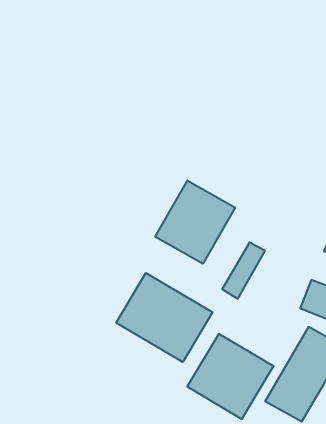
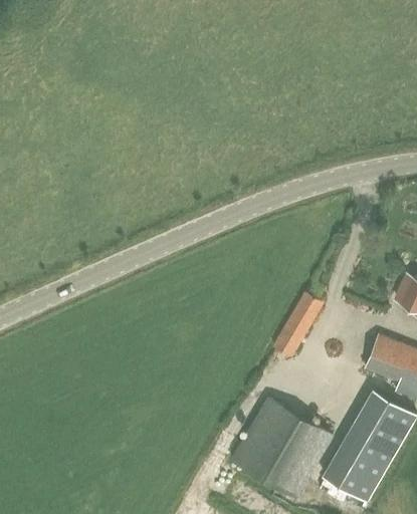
building: [155,180,235,264] -> none
building: [116,273,212,362] -> none

